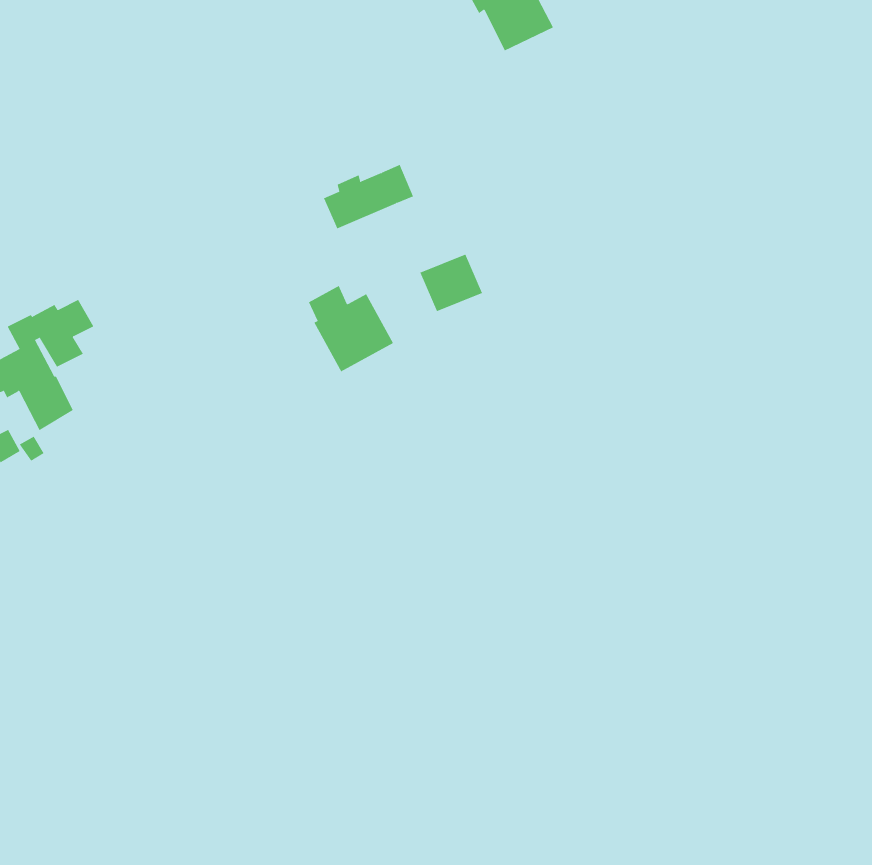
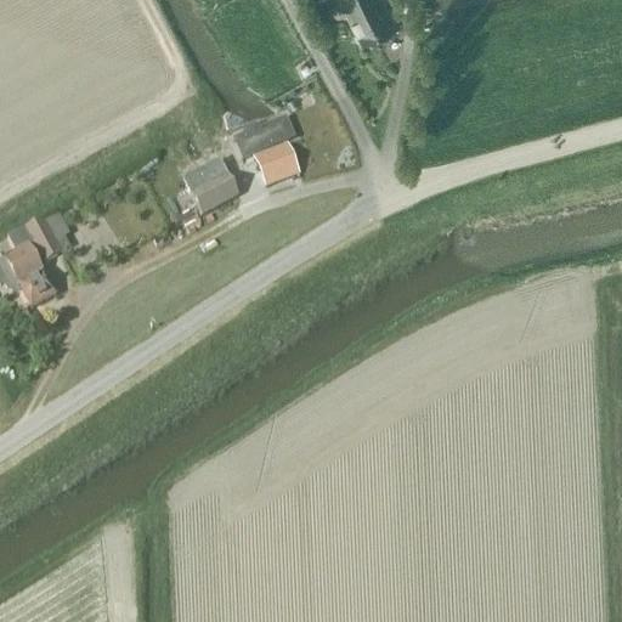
building: [420,254,483,312] -> [265,145,310,186]
building: [308,285,394,372] -> [175,151,236,213]

